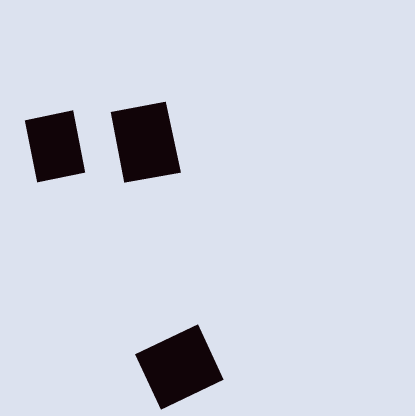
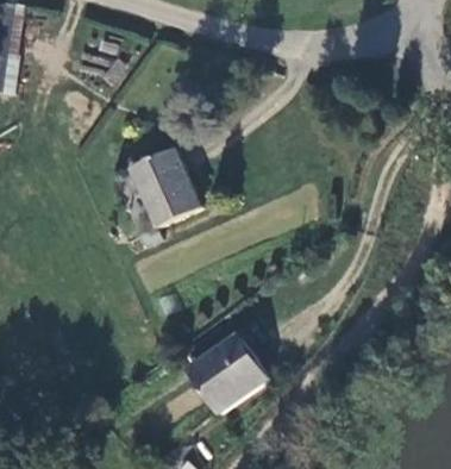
building: [24,110,86,183] -> none

